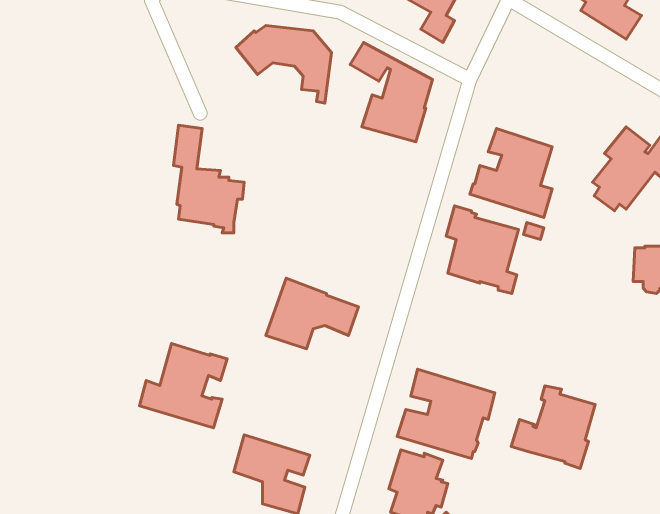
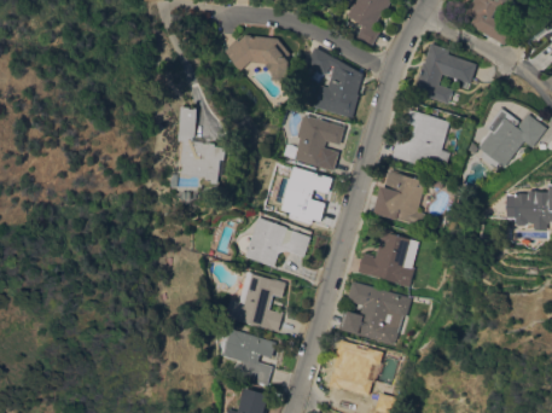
building: none -> [413,43,477,104]
building: none -> [294,116,345,167]
building: none -> [280,168,333,222]
building: [140,344,227,428] -> [223,272,286,332]
building: [511,386,595,468] -> [356,228,417,287]

